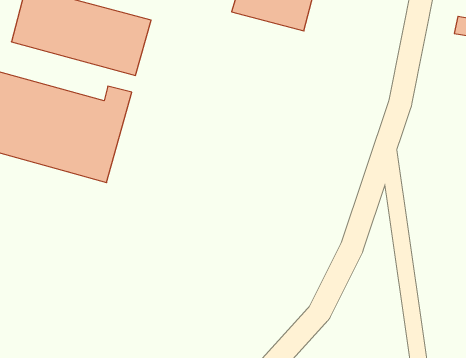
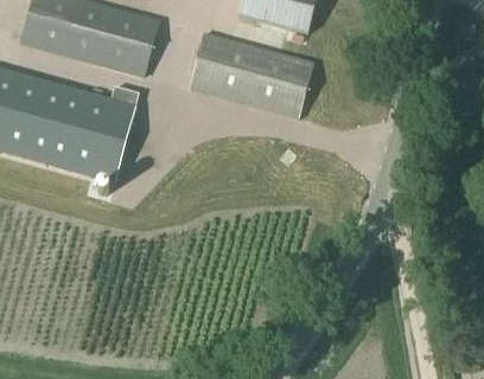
building: none -> [187,30,316,120]

